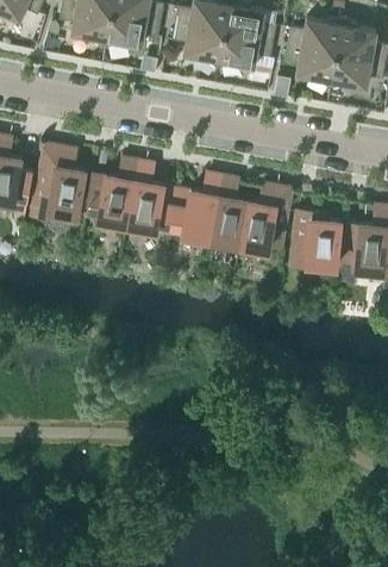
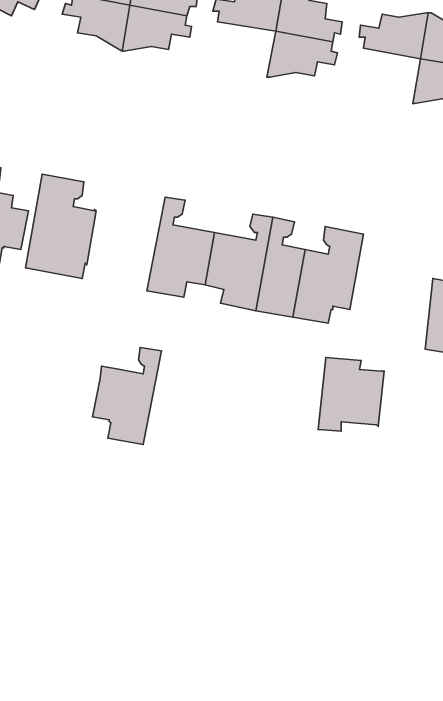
building: [171,24,224,67] -> none
building: [283,44,336,87] -> none
building: [85,157,138,232] -> [92,348,162,444]
building: [289,210,340,267] -> [318,357,384,431]

